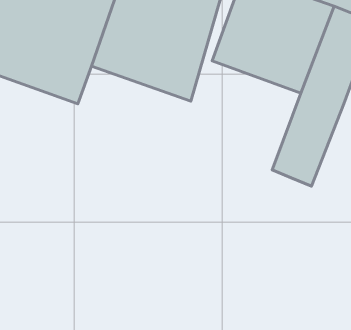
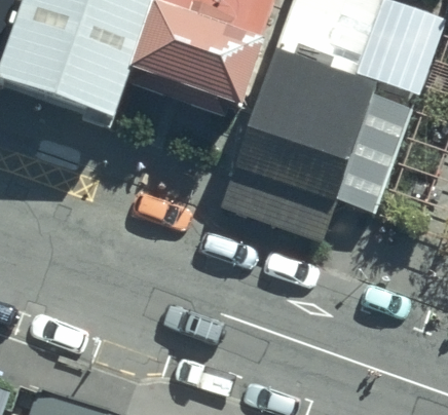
building: none -> [231,76,365,201]

